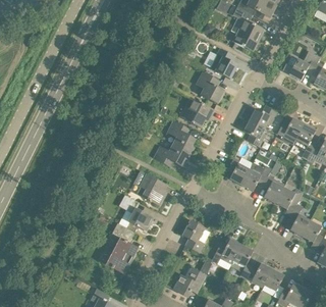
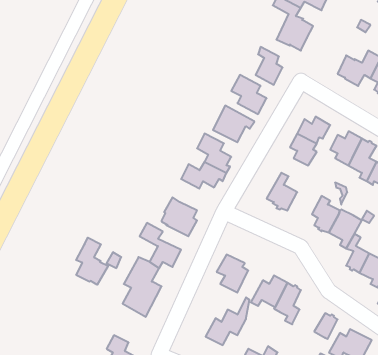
building: [241,161,272,190] -> none
building: none -> [76,238,108,285]
building: [246,262,273,287] -> none

